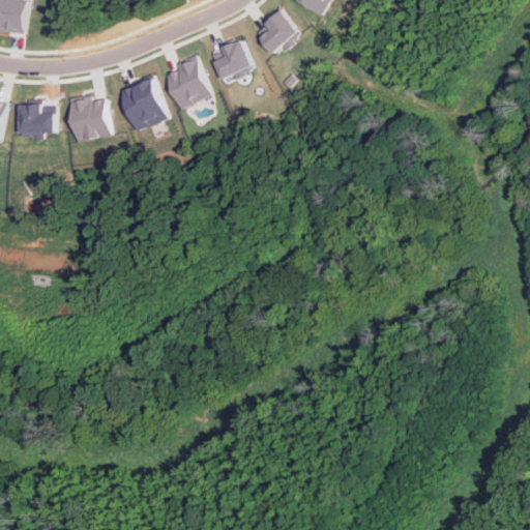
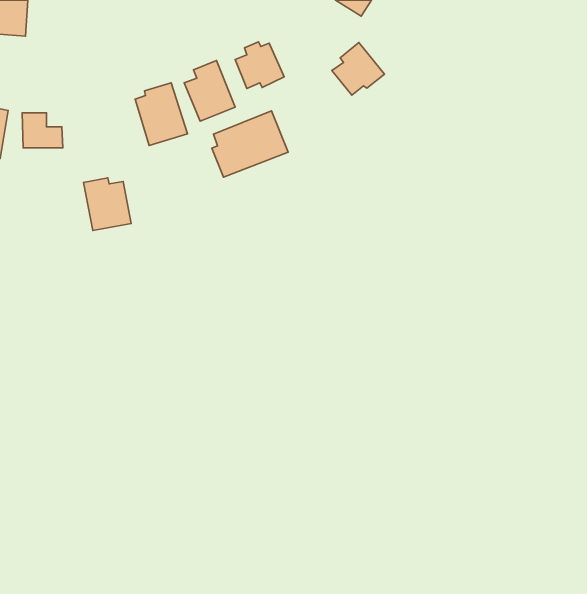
building: [253,7,299,54] -> [332,43,384,95]
building: [68,95,111,142] -> [83,178,131,230]
building: none -> [212,111,288,177]

